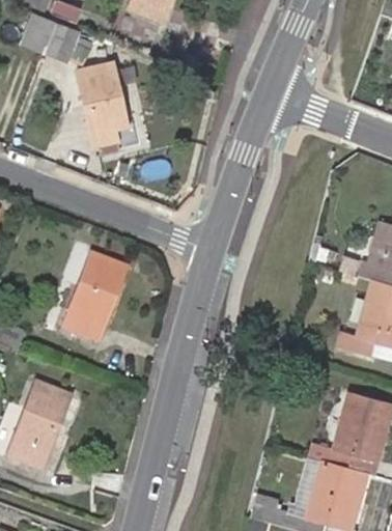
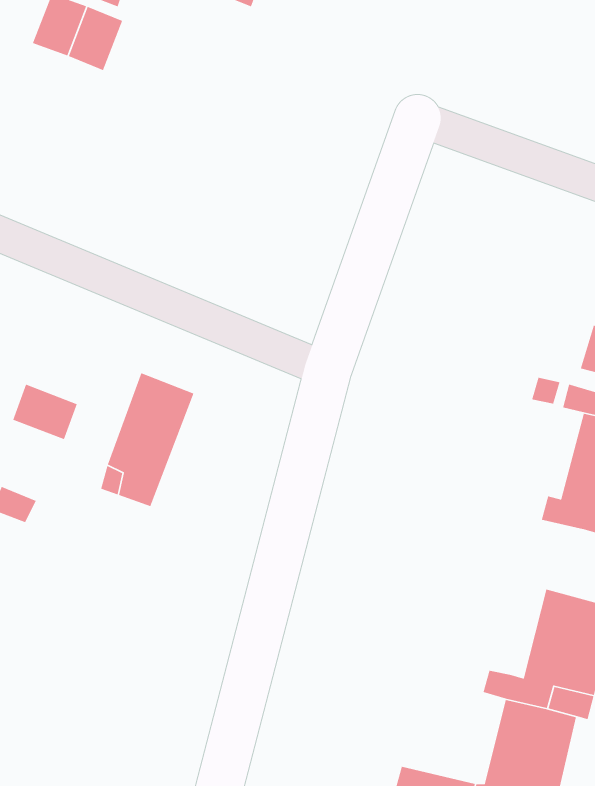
building: [76,61,127,145] -> none
building: none -> [12,384,78,440]
building: [12,382,68,469] -> none

